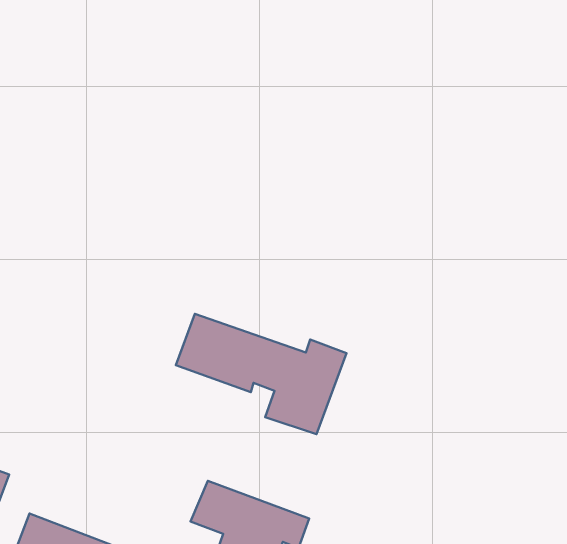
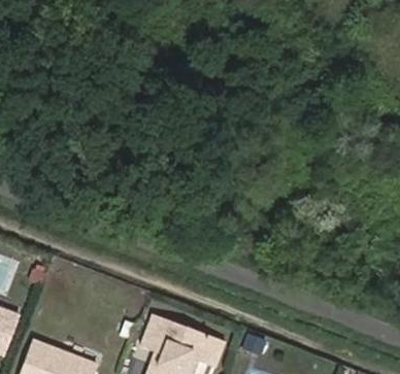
building: [176,314,346,434] -> none

